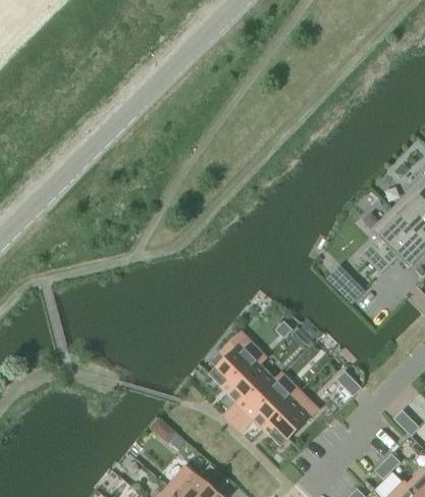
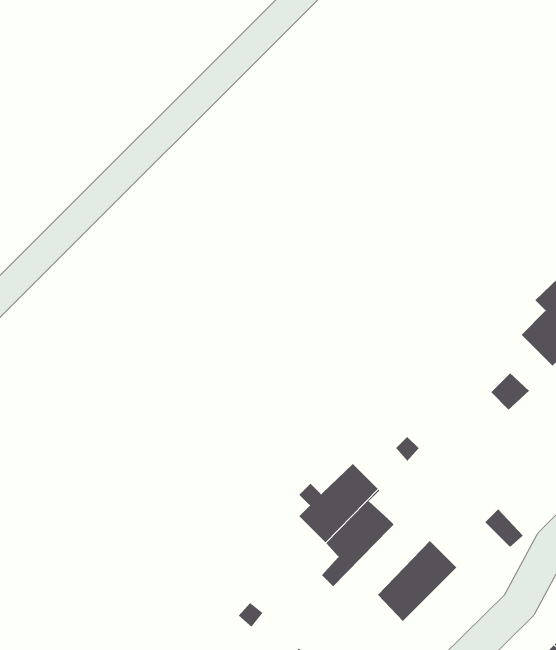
building: [234,375,300,432] -> none

